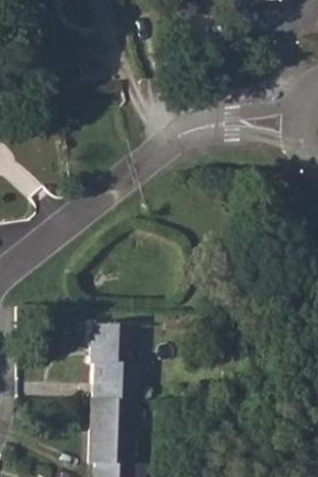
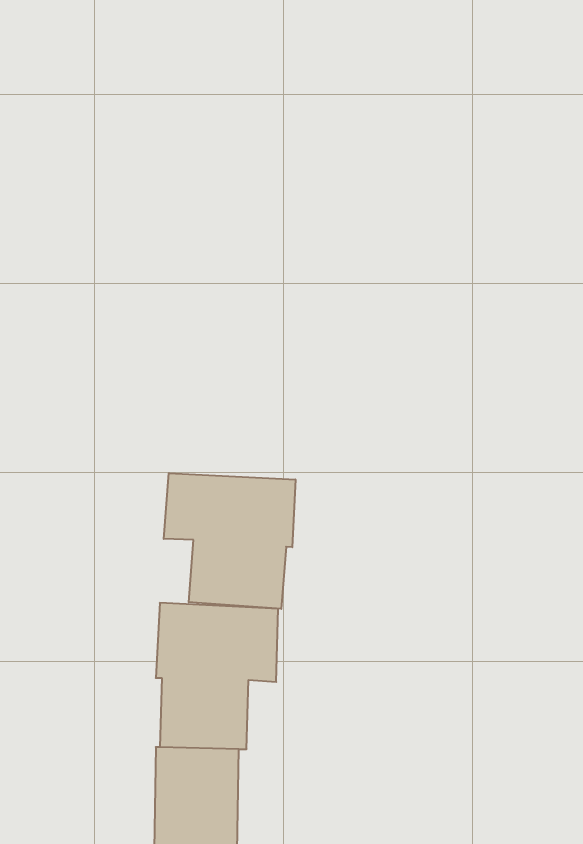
building: none -> [164,473,295,609]

